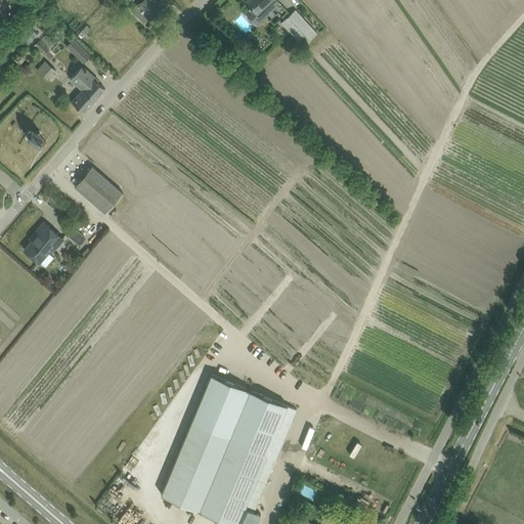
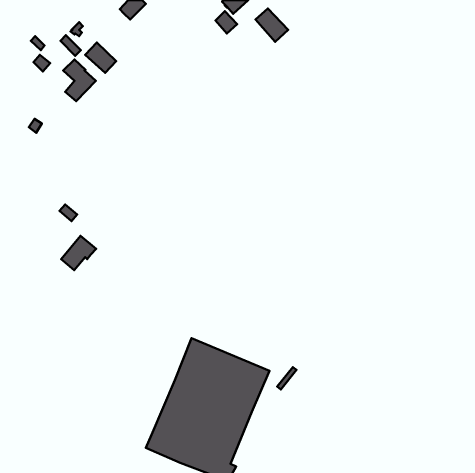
building: none -> [85,42,116,73]
building: [75,168,122,213] -> none
building: [25,226,63,264] -> [61,236,96,270]

